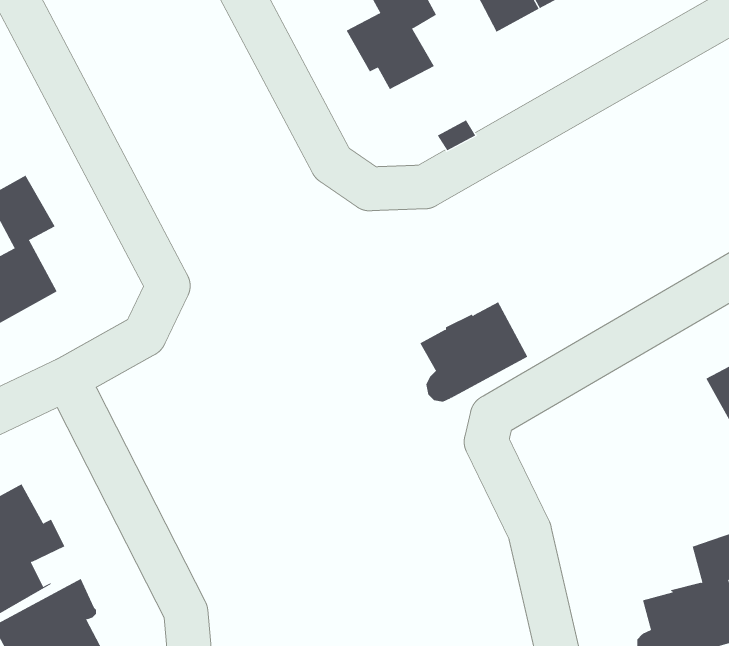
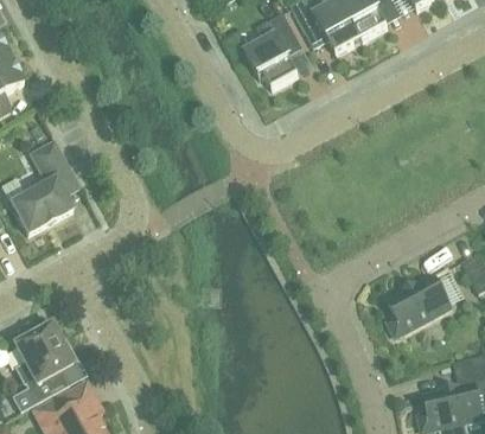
building: [420,301,528,402] -> [387,273,452,333]

